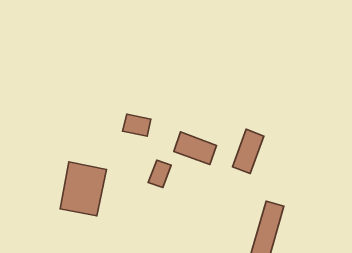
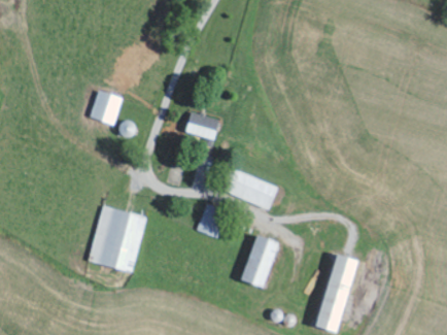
building: none -> [88,90,122,125]
building: [123,114,151,136] -> [184,112,218,139]
building: [232,129,264,174] -> [241,234,279,288]

